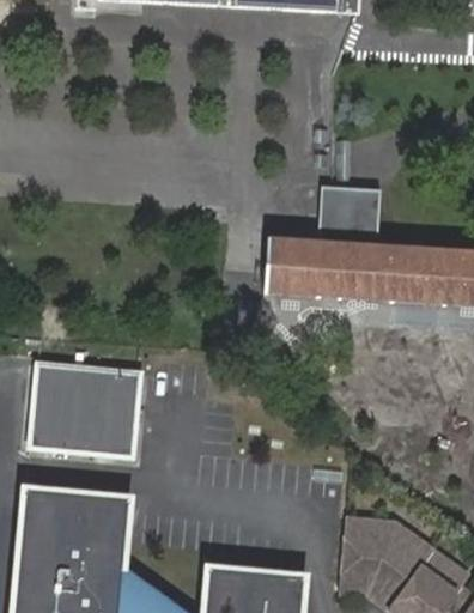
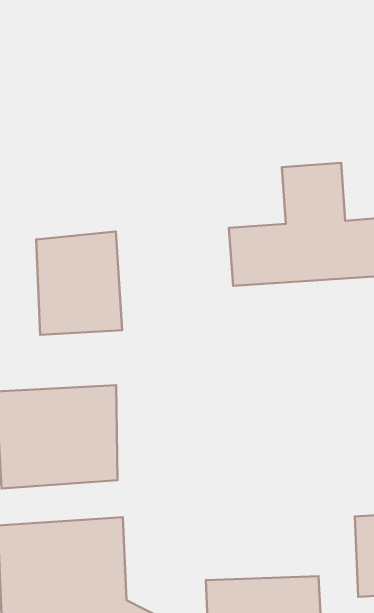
building: none -> [36,232,122,335]

